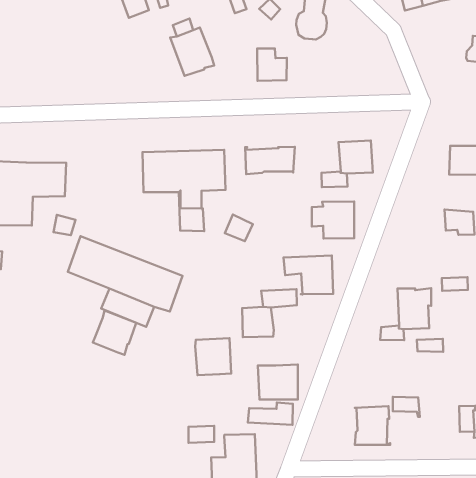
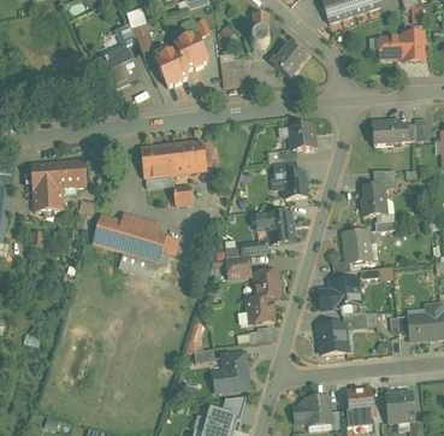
building: none -> [174,33,209,70]
building: none -> [94,49,140,90]
building: none -> [271,42,307,77]
building: [245,147,295,174] -> none
building: none -> [361,183,387,214]
building: [93,310,136,355] -> none
building: [195,338,231,375] -> [253,267,282,297]
building: none -> [320,276,361,308]

